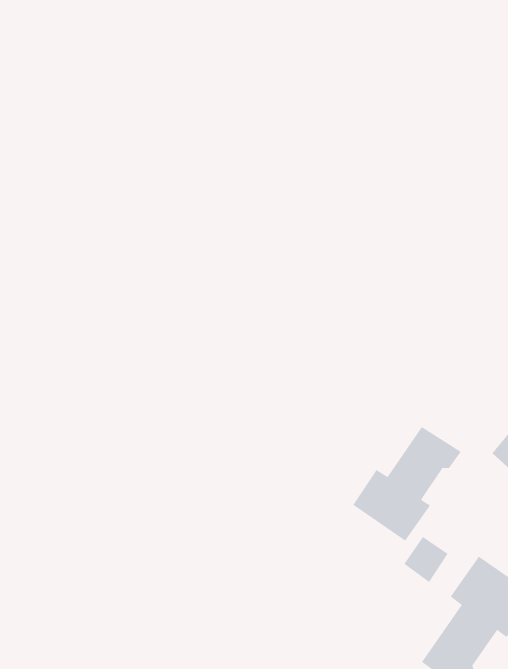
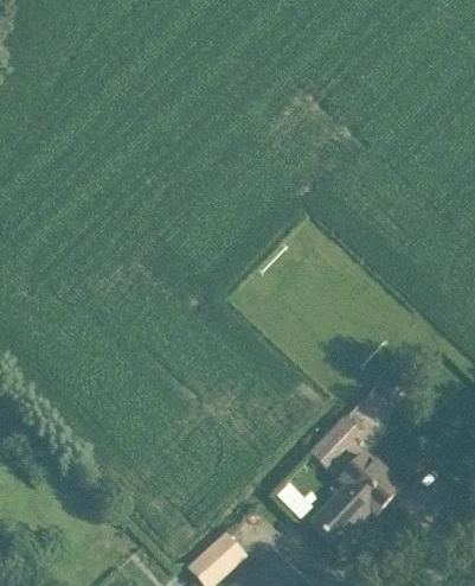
building: [352,426,461,542] -> none

